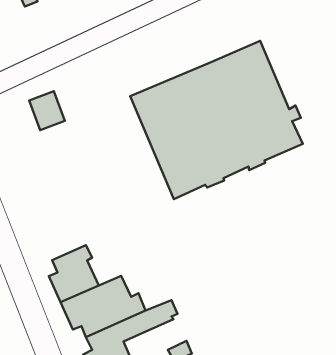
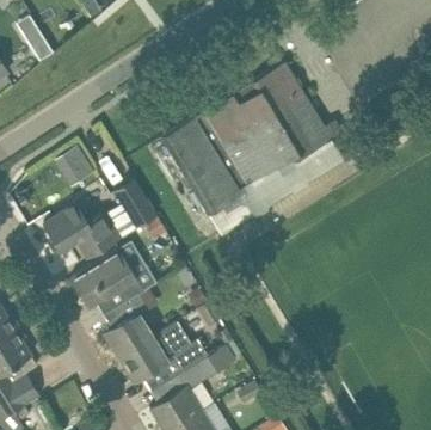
building: none -> [113,179,155,226]
building: none -> [43,204,121,259]
building: none -> [69,248,144,317]

